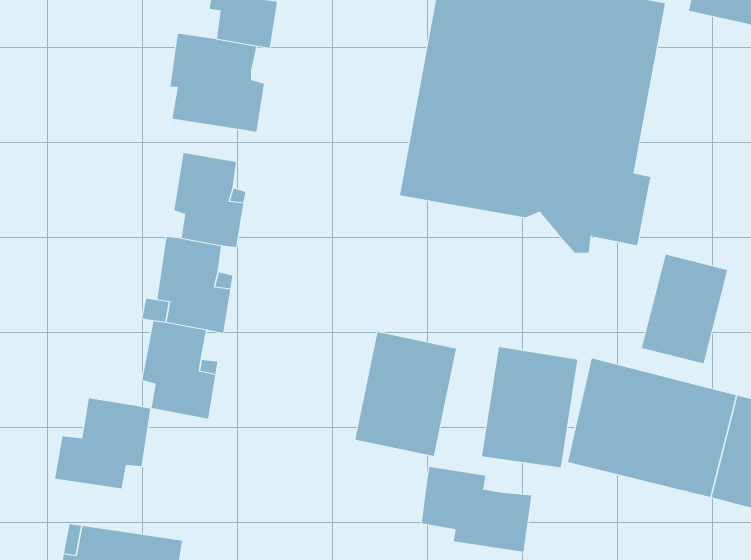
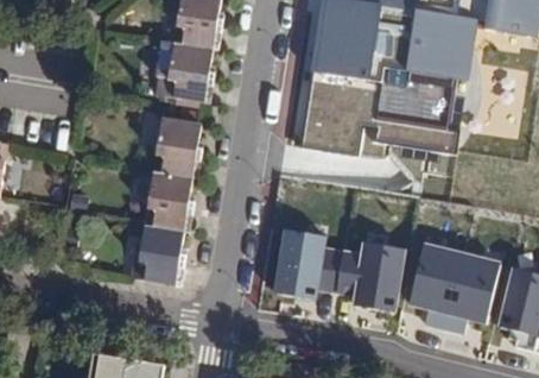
building: [641,254,728,364] -> none
building: [54,398,151,489] -> none
building: [421,466,532,552] -> none

